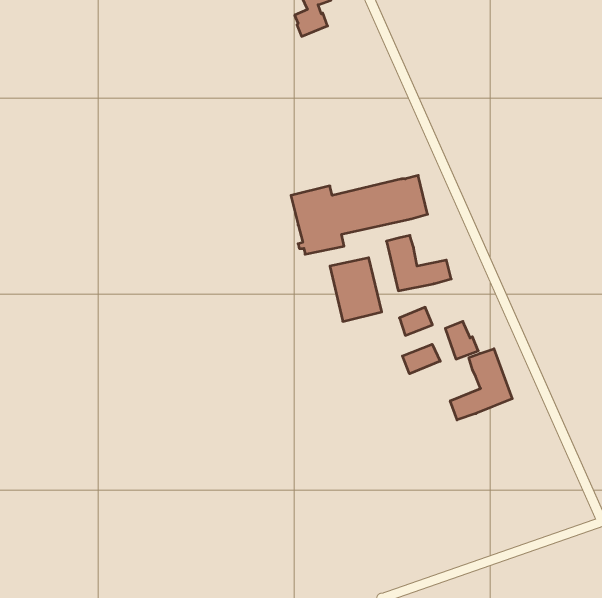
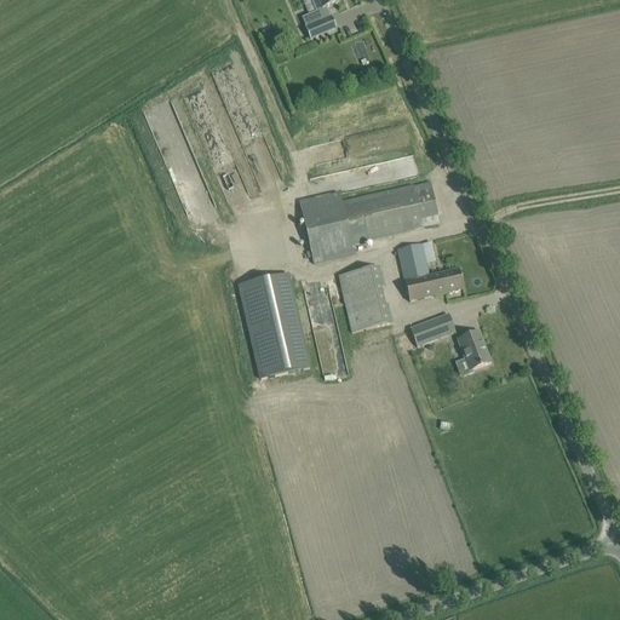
building: none -> [239,271,310,378]
building: [402,344,440,374] -> none
building: [450,349,512,420] -> none

